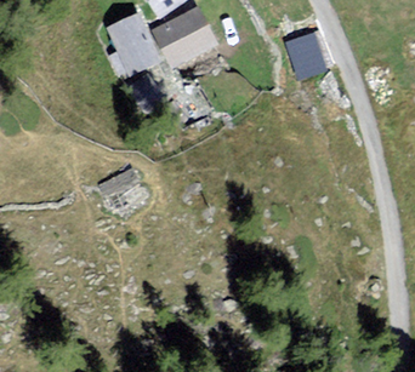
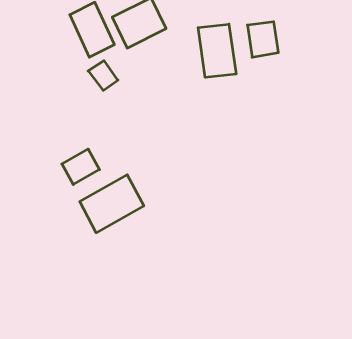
building: none -> [198,24,236,77]
building: none -> [80,175,144,233]

